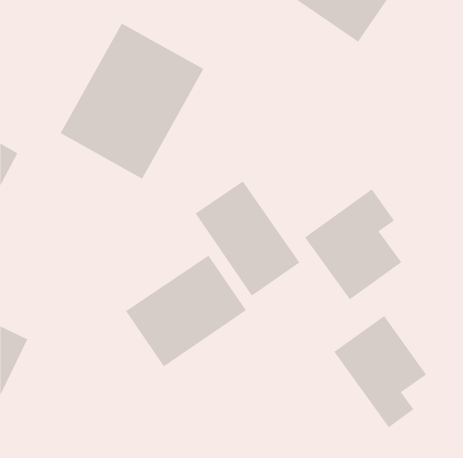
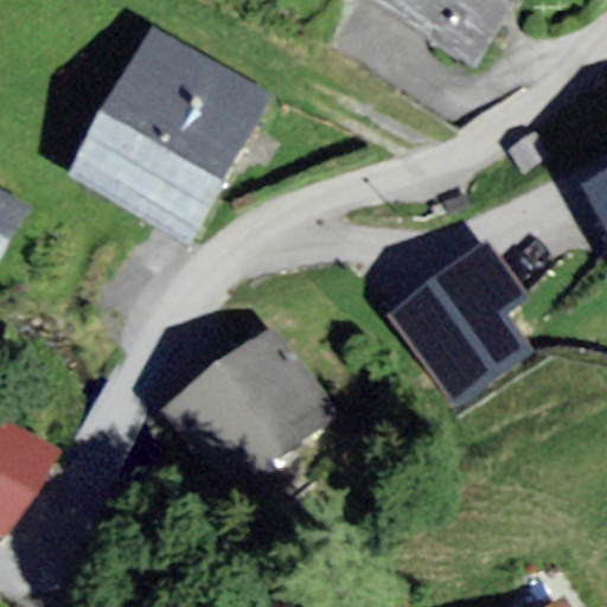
building: [195,180,300,296] -> none
building: [334,315,427,428] -> none

